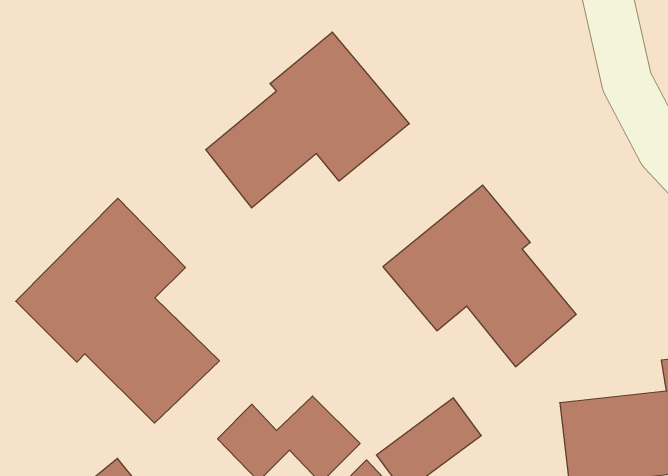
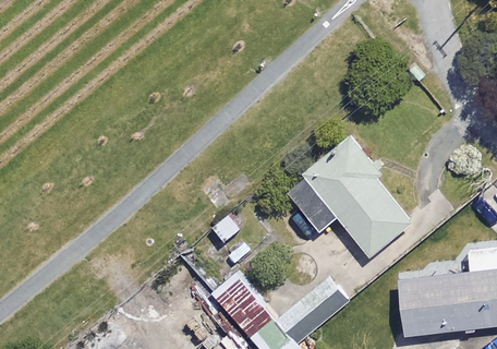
building: [206,32,409,208] -> none
building: [16,198,219,423] -> none

